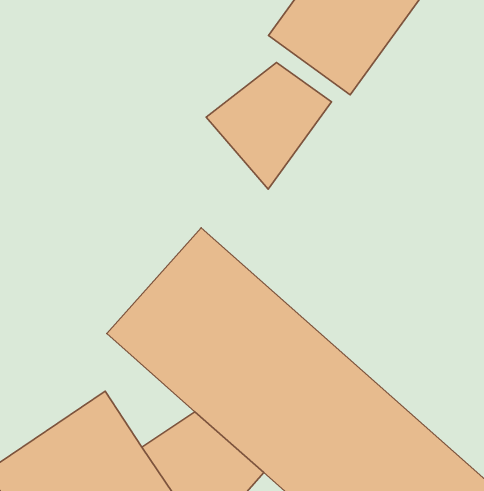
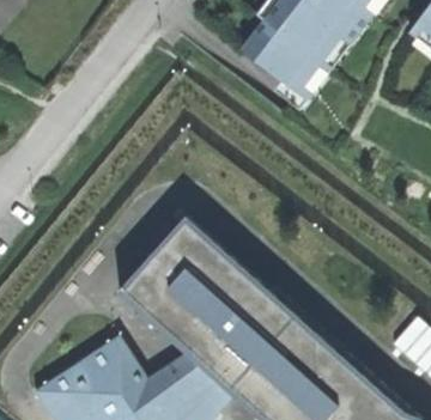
building: [206,62,331,189] -> none

